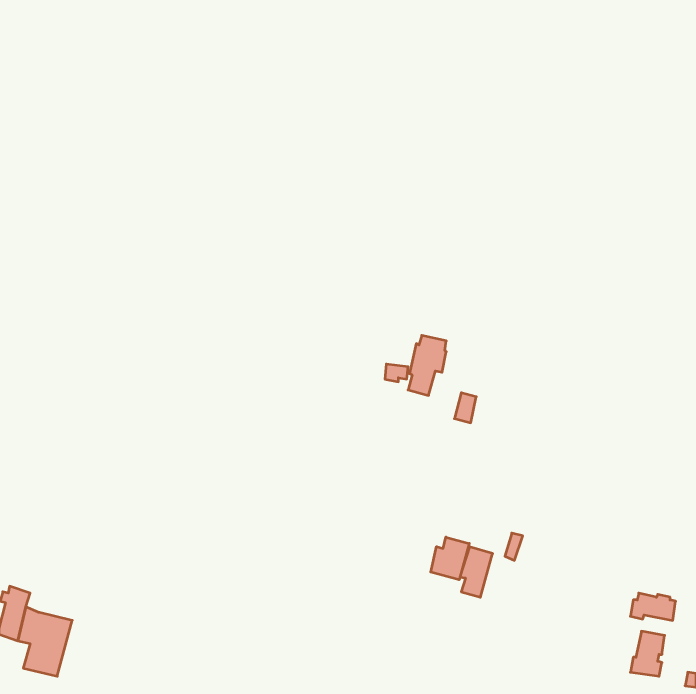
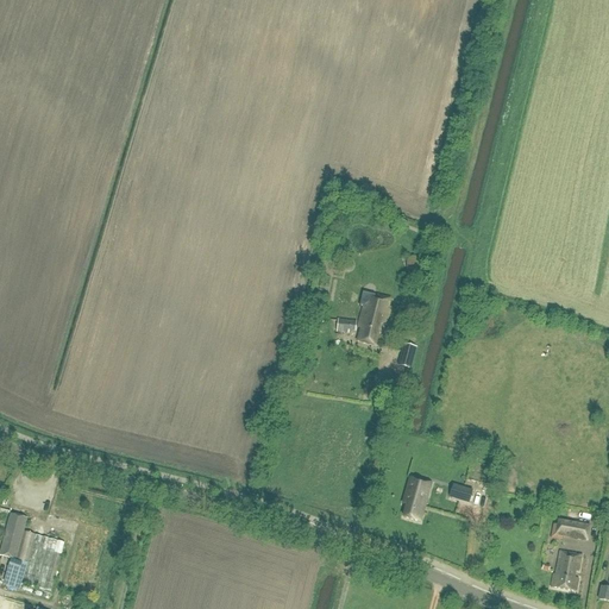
building: [431,537,469,580] -> none

